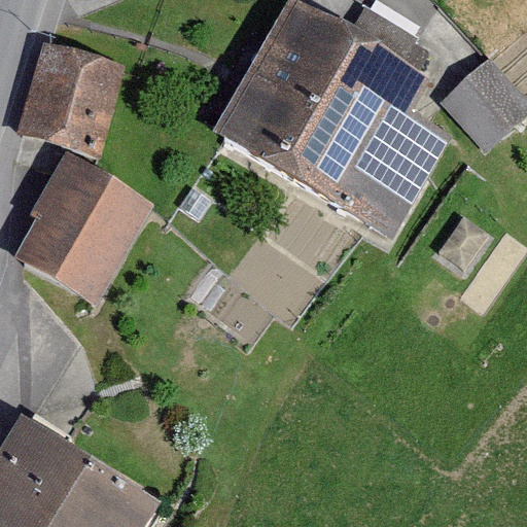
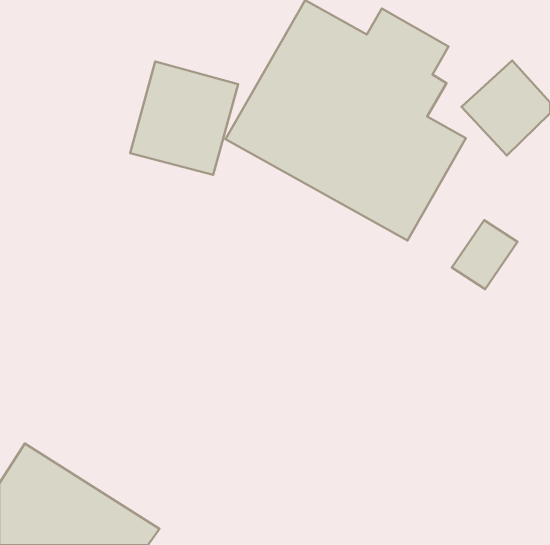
building: [19,42,121,150] -> [130,61,238,175]
building: [13,156,148,302] -> none

